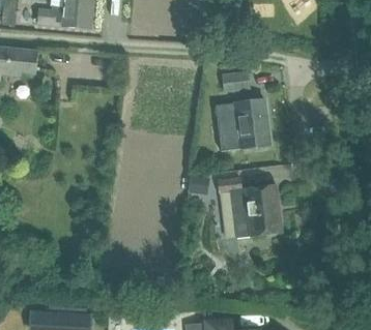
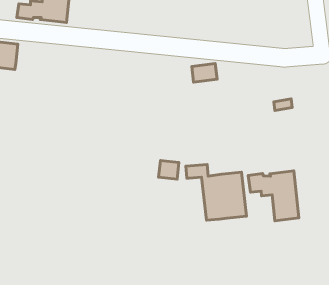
building: [213,98,269,151] -> none
building: none -> [248,171,299,221]

